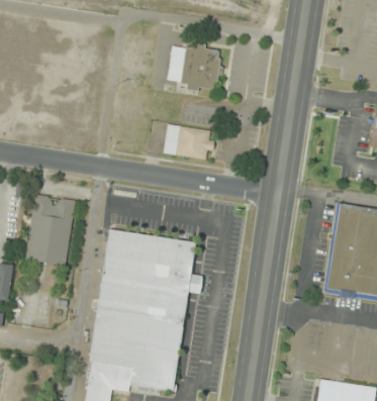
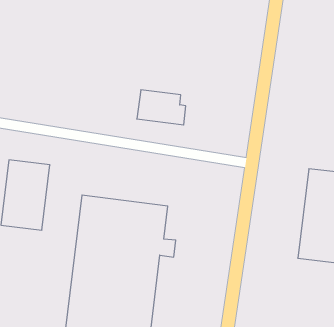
building: [166,43,222,92] -> none

